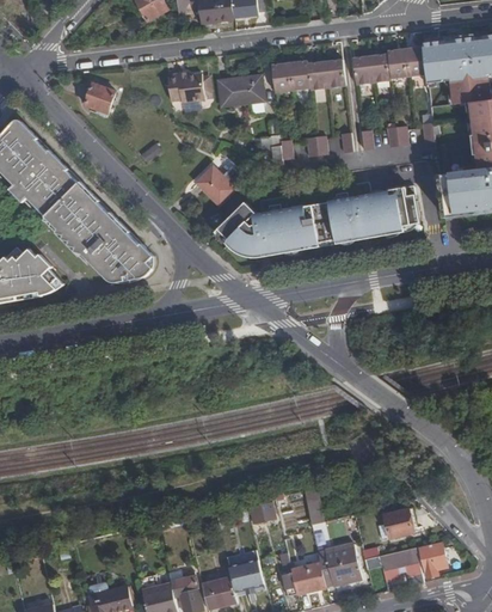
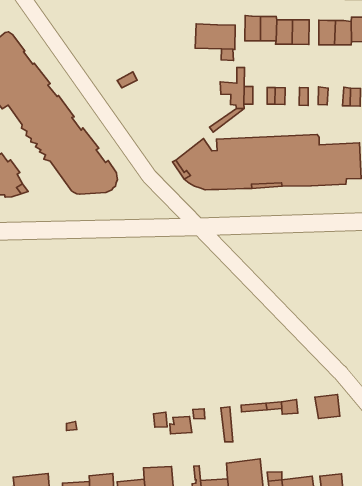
building: [167,73,204,102] -> none
building: [87,86,116,115] -> none
building: [196,166,244,204] -> none
building: [383,510,413,539] -> [315,395,340,419]

